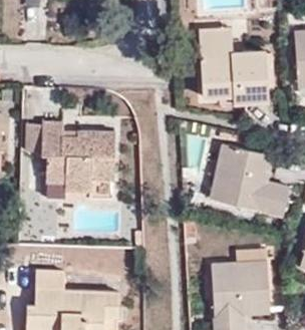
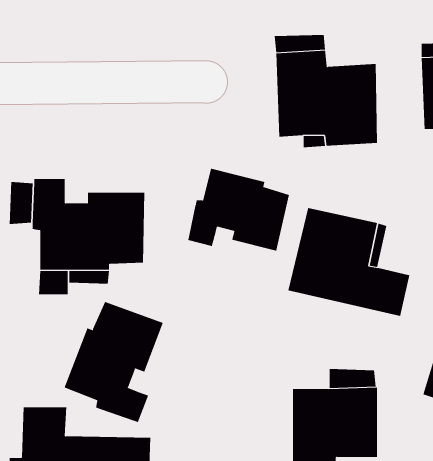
building: none -> [187,168,290,251]
building: none -> [64,301,164,423]

